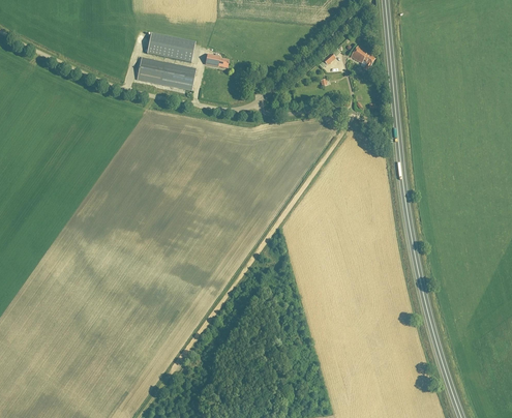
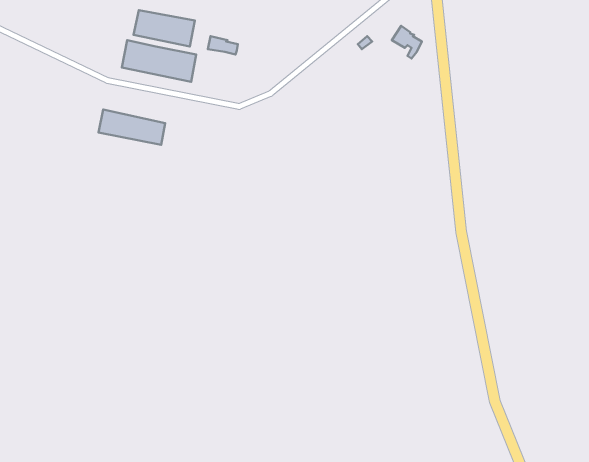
building: none -> [98,109,165,145]

